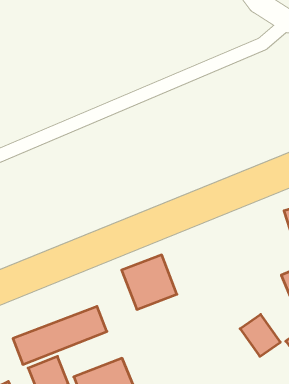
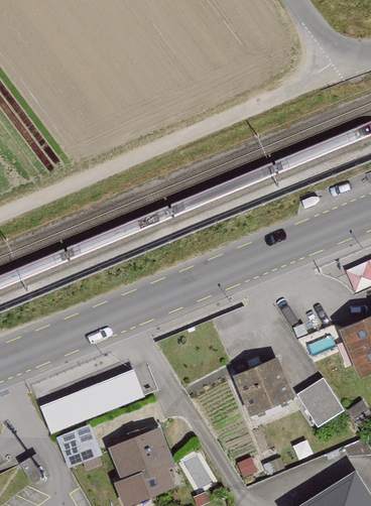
building: [122,255,177,309] -> [231,357,293,418]

